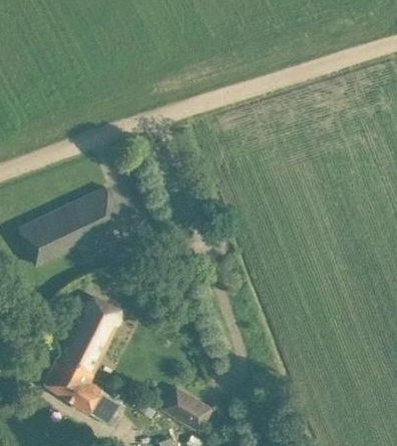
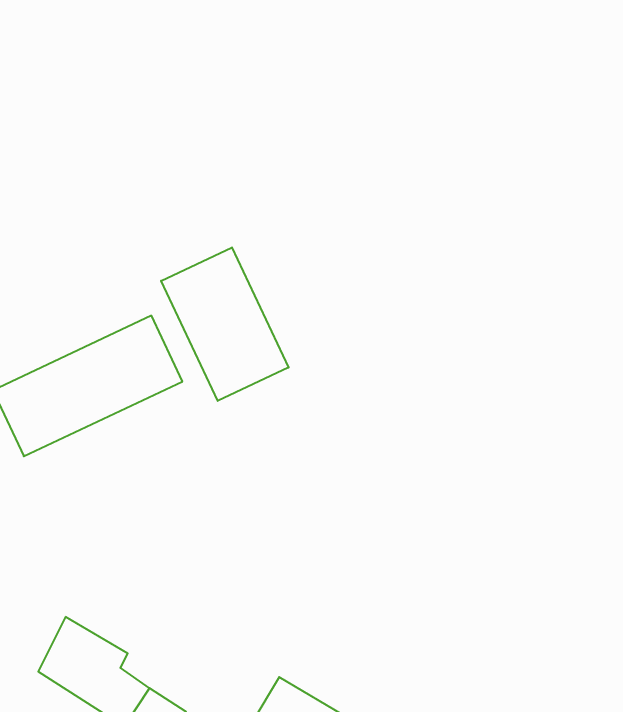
building: none -> [161,247,289,401]
building: [58,303,118,372] -> none

